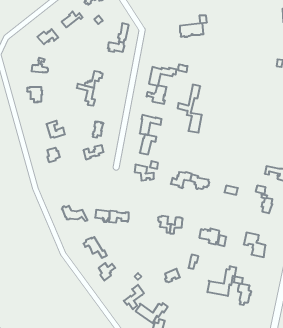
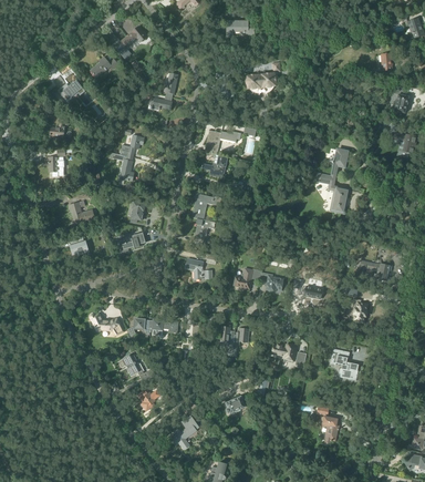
building: [178,85,202,133] -> [315,148,348,212]
building: [207,266,236,296] -> none
building: [136,303,168,323] -> none

